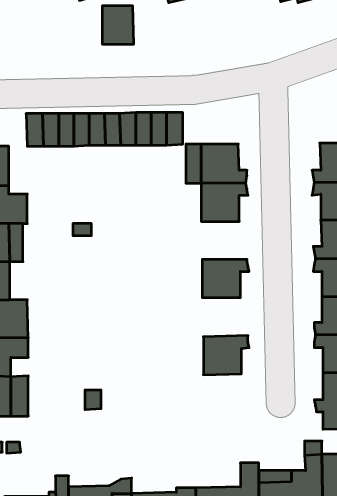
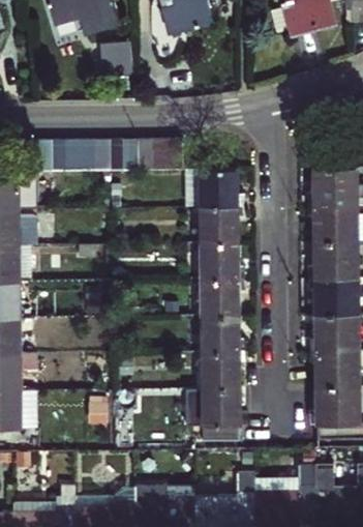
building: none -> [201,242,245,279]
building: none -> [202,315,246,352]
building: none -> [203,387,247,441]

